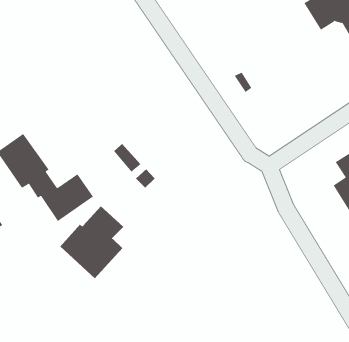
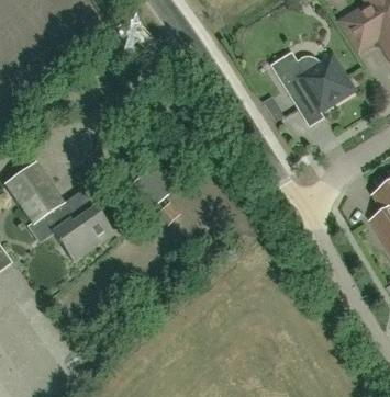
building: none -> [269,50,353,109]
building: [59,205,124,279] -> none

